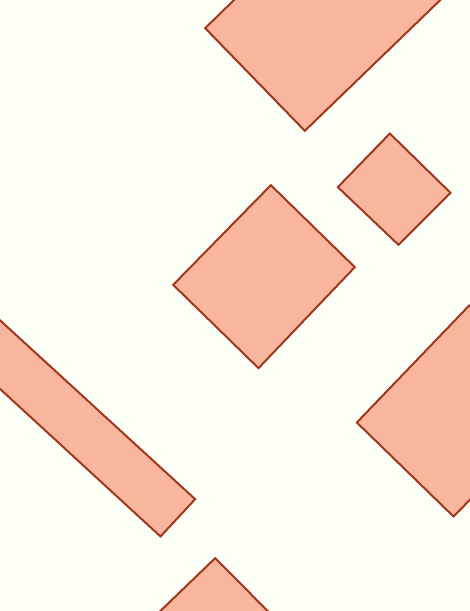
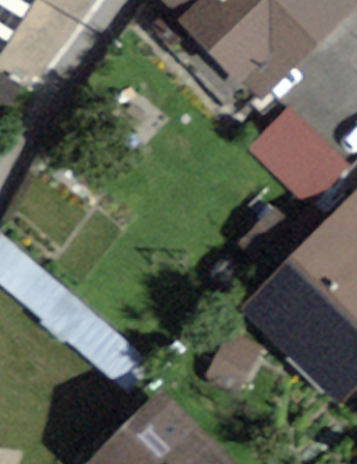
building: [173,185,355,368] -> none

